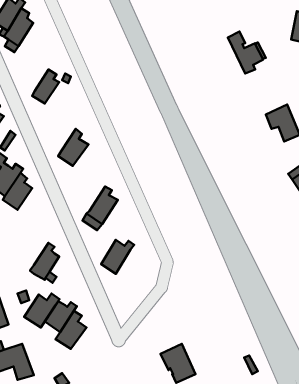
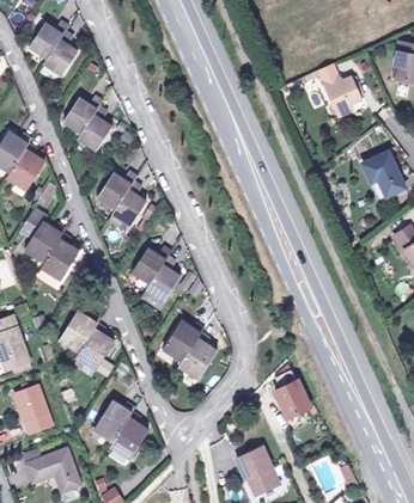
building: none -> [62,100,101,137]
building: none -> [96,172,135,211]
building: none -> [130,243,171,284]
building: none -> [176,332,214,381]
building: none -> [274,369,309,417]
building: [24,293,59,327] -> [59,309,102,351]

